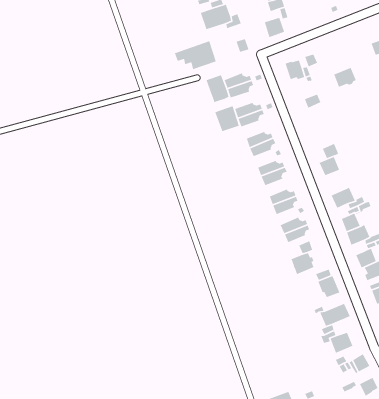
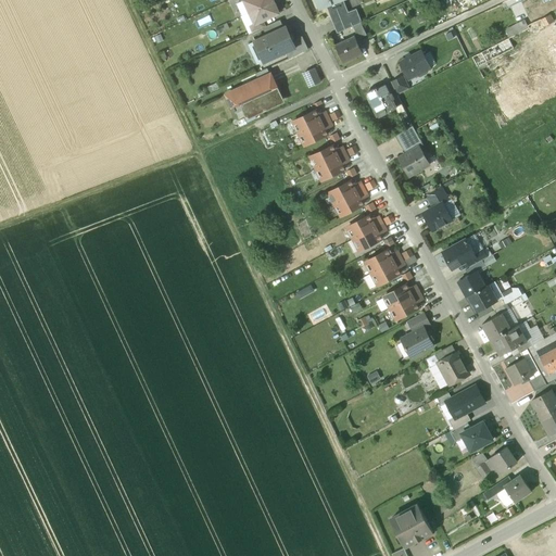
building: [333,67,357,88] -> [399,50,429,78]
building: [205,74,229,103] -> none
building: [214,105,240,132] -> none
building: none -> [399,146,428,175]

